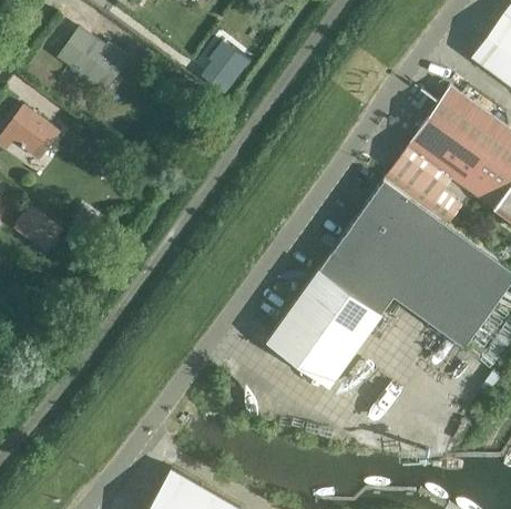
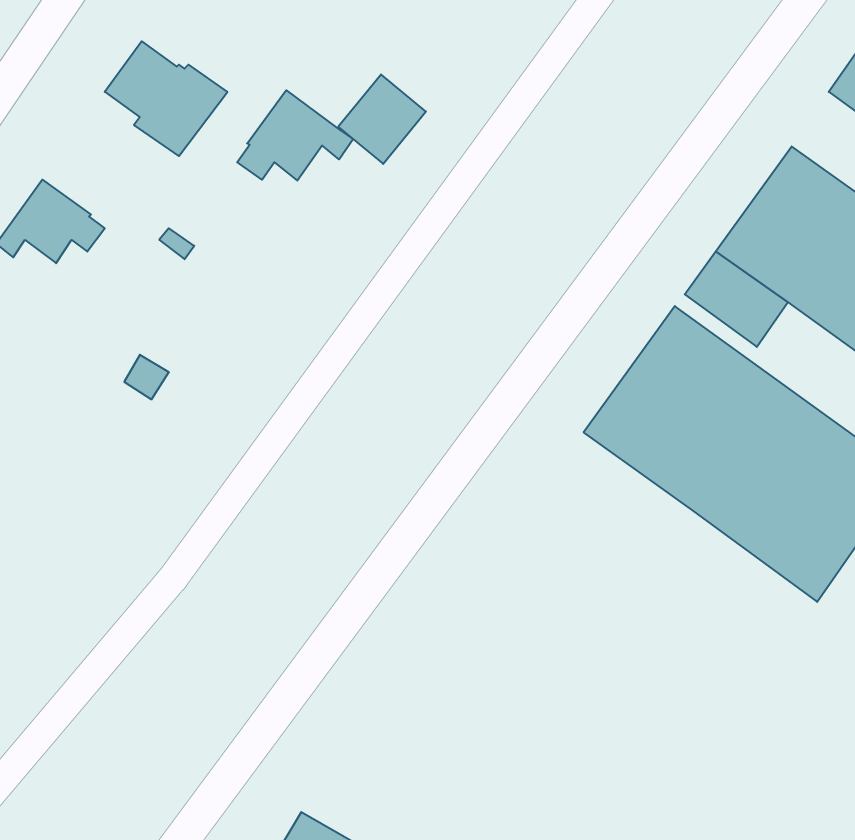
building: none -> [237,90,353,181]
building: [13,205,63,252] -> none
building: [267,252,395,386] -> none

